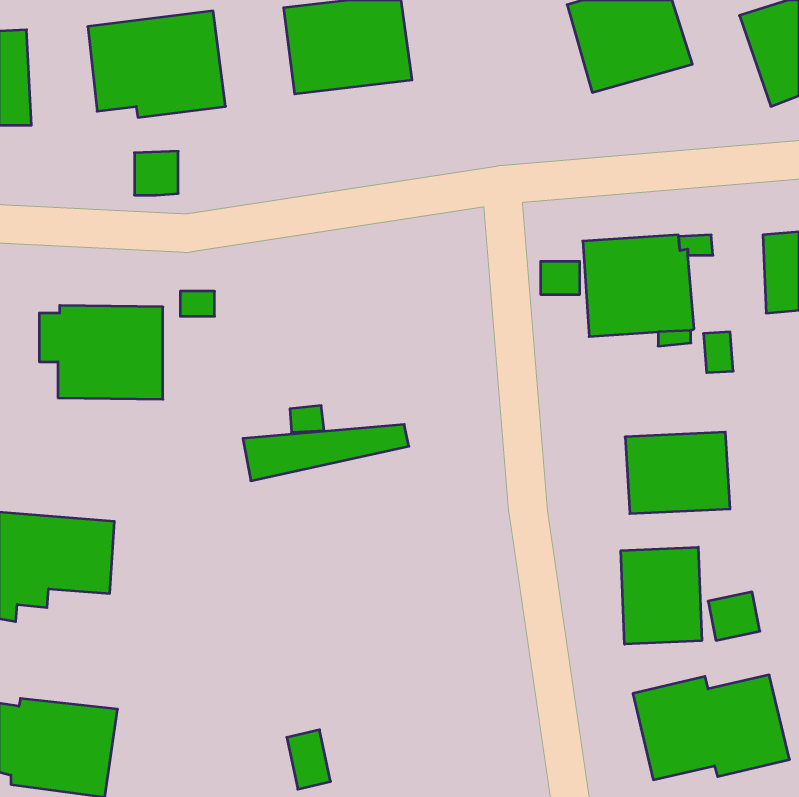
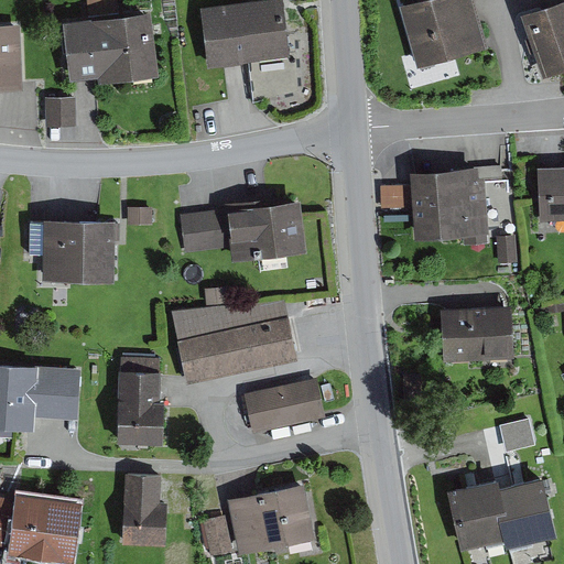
building: [134,151,178,195] -> [44,97,75,128]
building: none -> [178,195,305,261]
building: none -> [176,316,297,384]
building: none -> [116,358,163,444]
building: none -> [243,379,324,434]
building: [621,547,702,644] -> none
building: none -> [121,474,166,545]
building: none -> [227,484,314,554]

